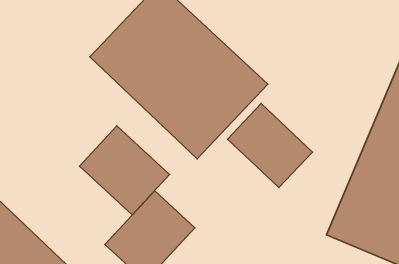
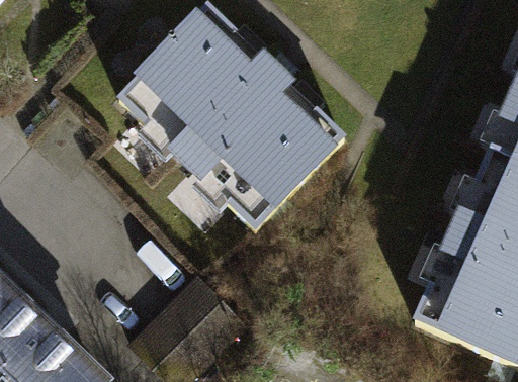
building: [227,104,312,188] -> none
building: [79,126,170,215] -> none

